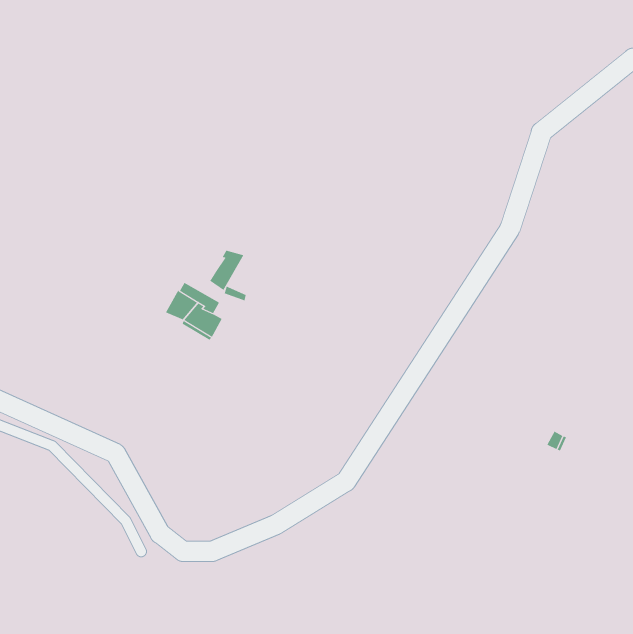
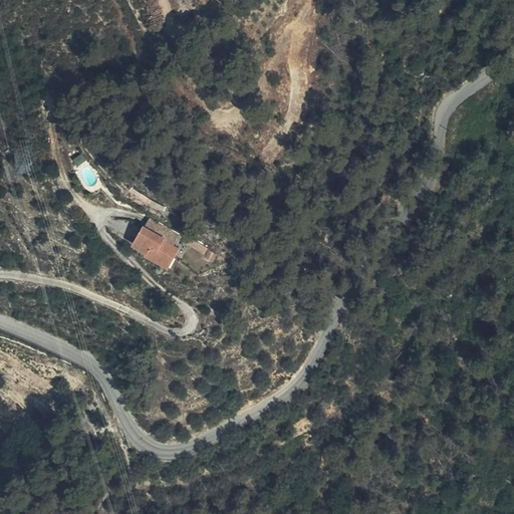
building: [210,250,244,291] -> none

